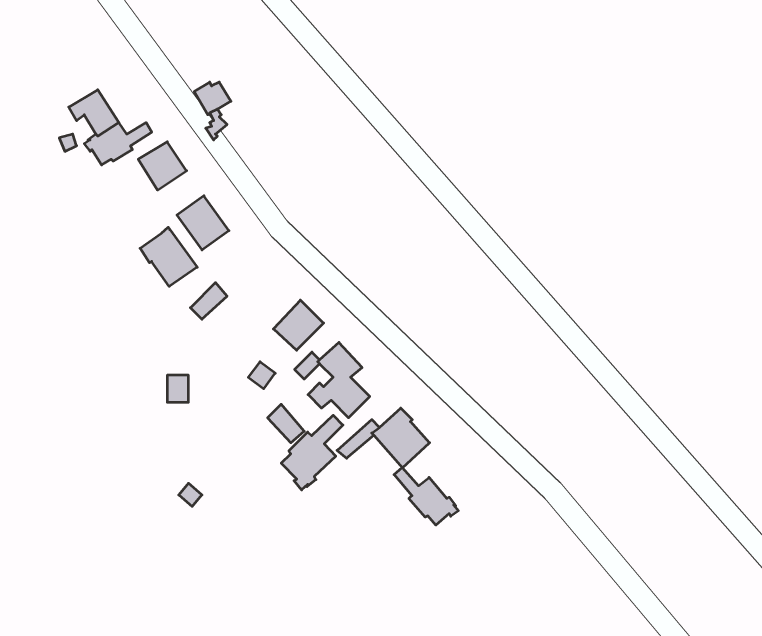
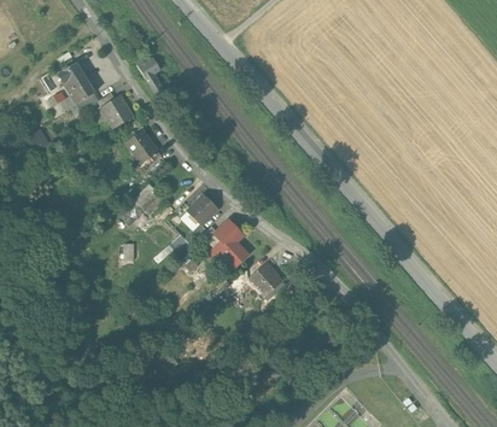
building: [140,227,197,286] -> none
building: [281,415,343,490] -> none
building: [394,467,458,525] -> none

